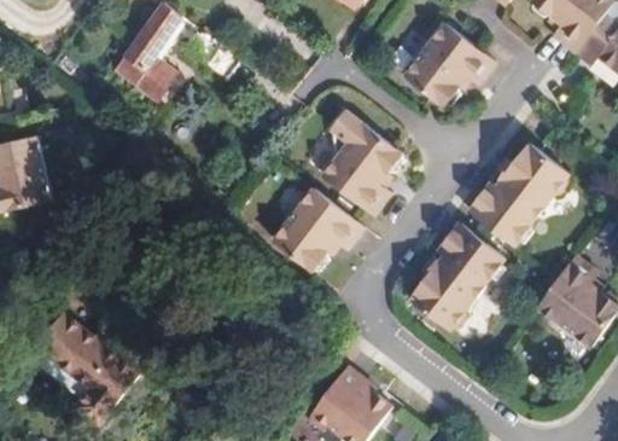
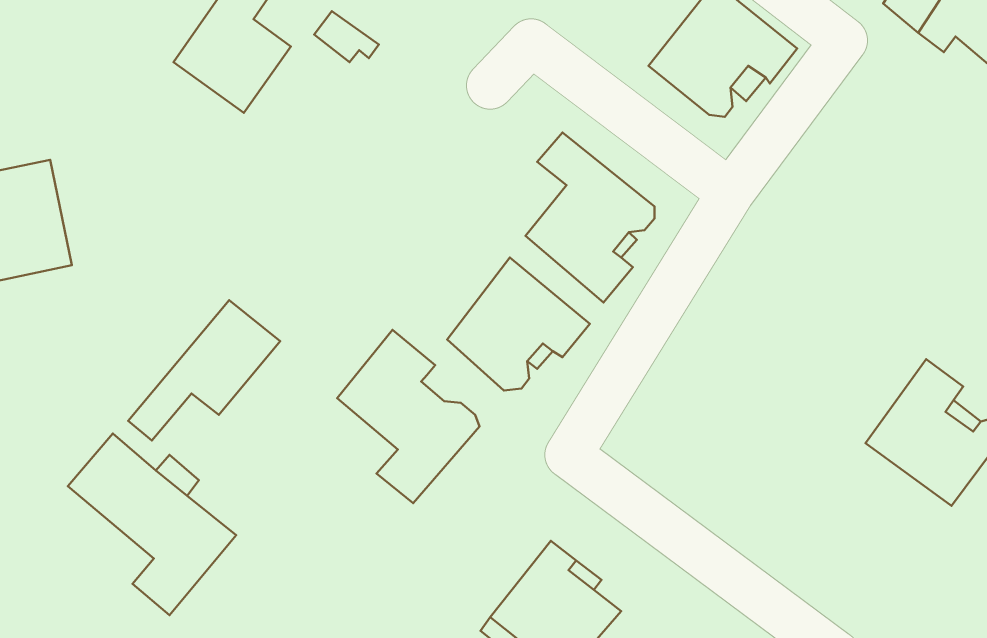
building: [468,150,576,251] -> none
building: none -> [128,300,280,440]
building: [415,227,508,336] -> none
building: none -> [337,330,479,503]

